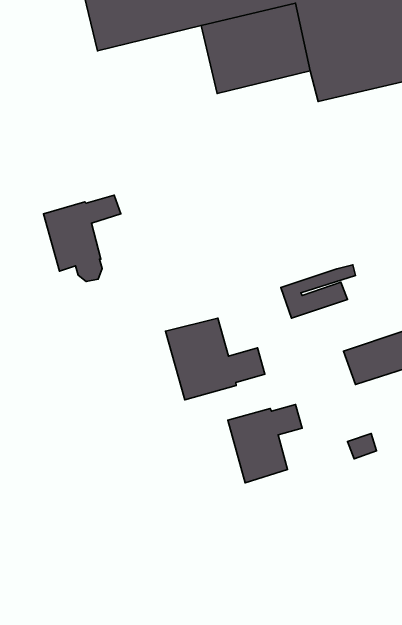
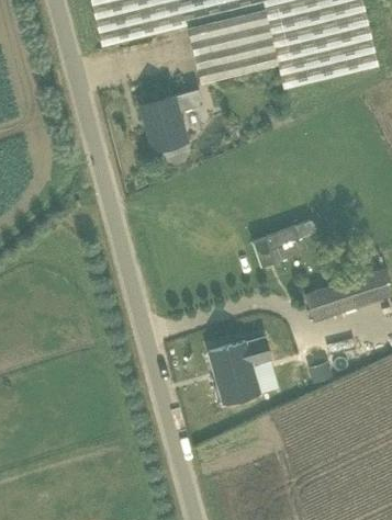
building: [44,195,121,282] -> [141,87,204,158]
building: [166,318,265,400] -> none

